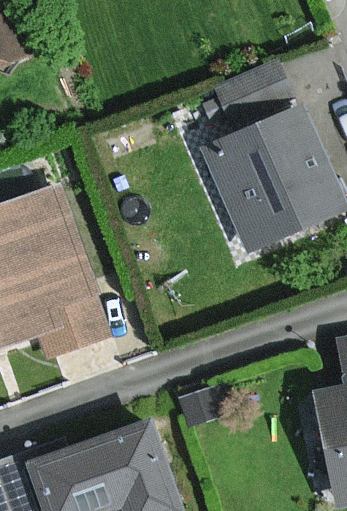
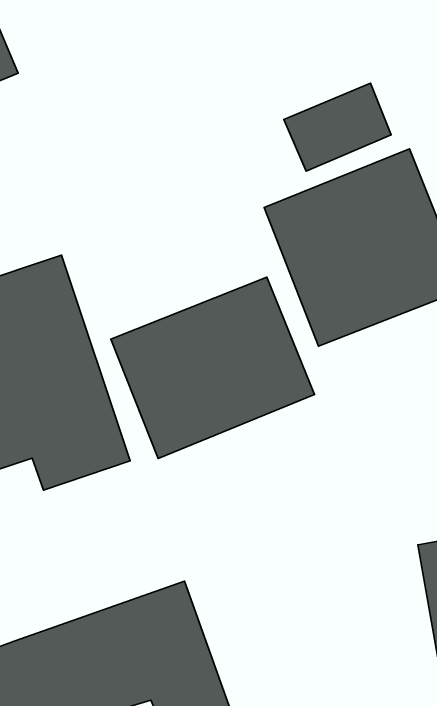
building: none -> [111,277,315,458]

